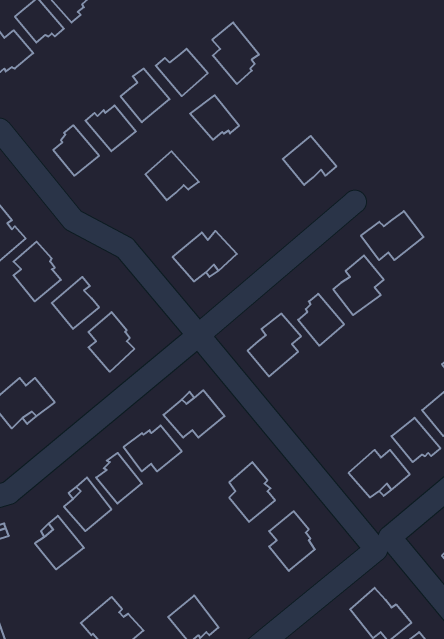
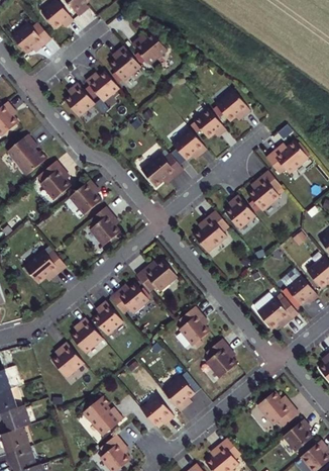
building: [212,22,259,84] -> none
building: [190,95,239,140] -> [192,110,224,139]
building: [145,151,199,200] -> [172,128,207,161]
building: none -> [161,377,194,411]

